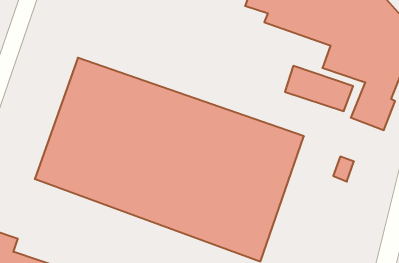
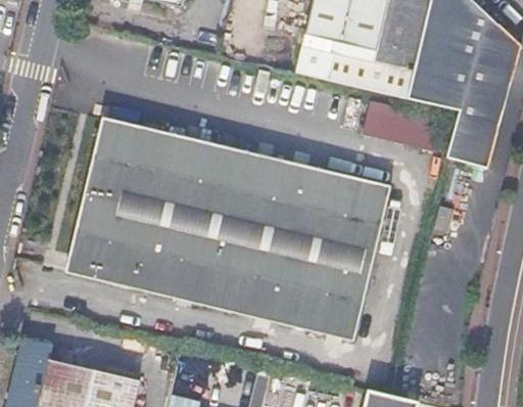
building: none -> [292,32,412,98]

